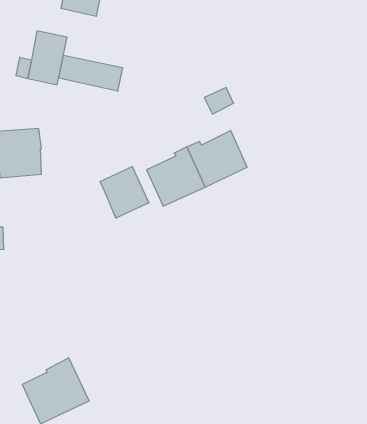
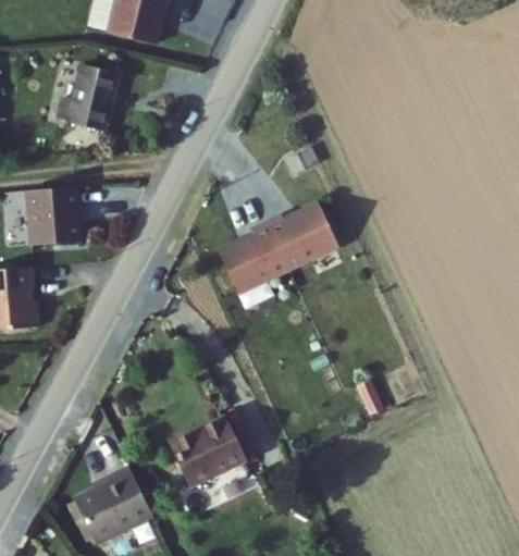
building: [59,55,123,91] -> none
building: [100,167,149,218] -> none
building: none -> [170,416,242,482]

